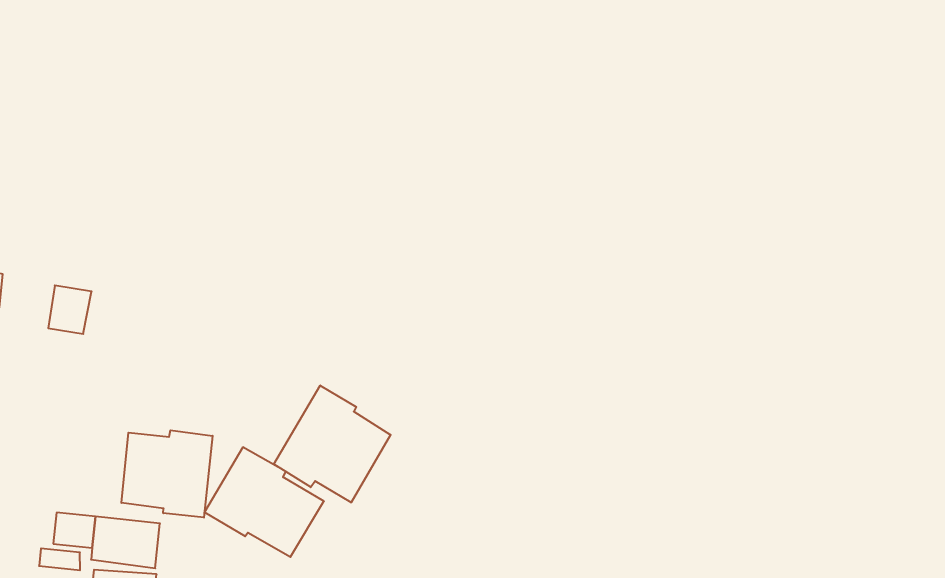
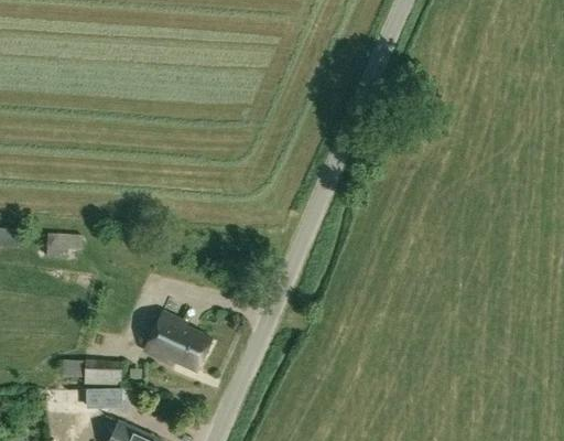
building: [274,385,391,503] -> none
building: [121,430,213,518] -> none

